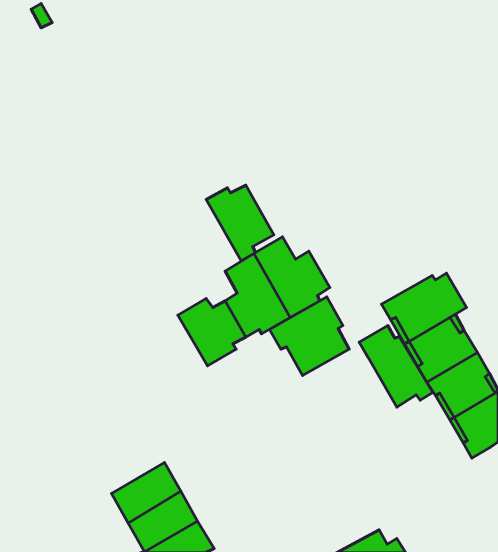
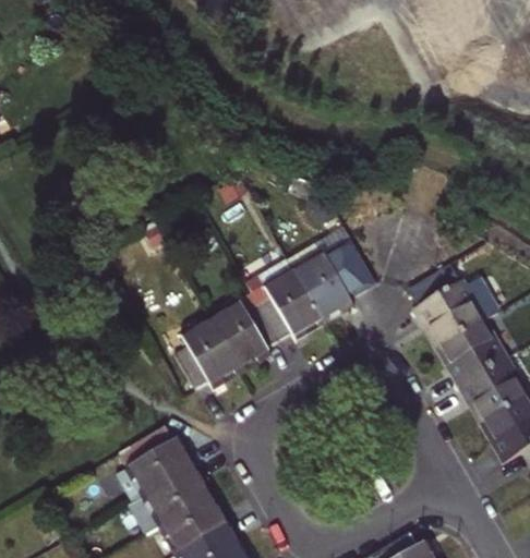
building: [206,185,274,261] -> none
building: [269,297,349,375] -> none
building: none -> [174,320,241,390]
building: [359,326,433,407] -> none
building: none -> [119,427,198,504]

